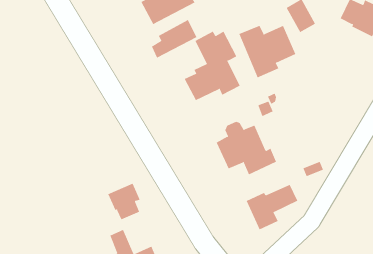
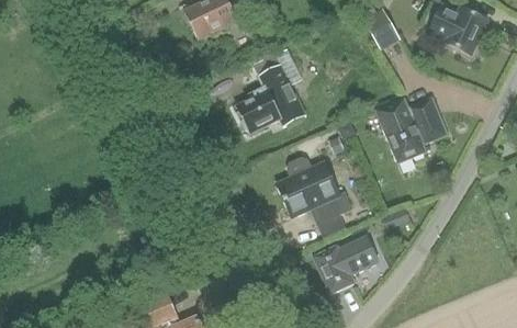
building: [151,19,197,58] -> none
building: [238,25,296,78] -> [375,98,447,163]
building: [108,183,140,220] -> none

